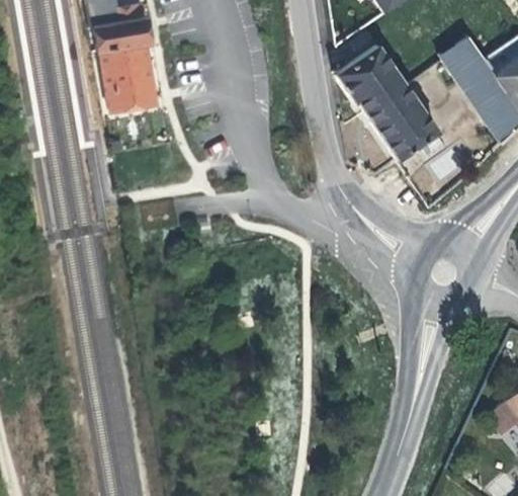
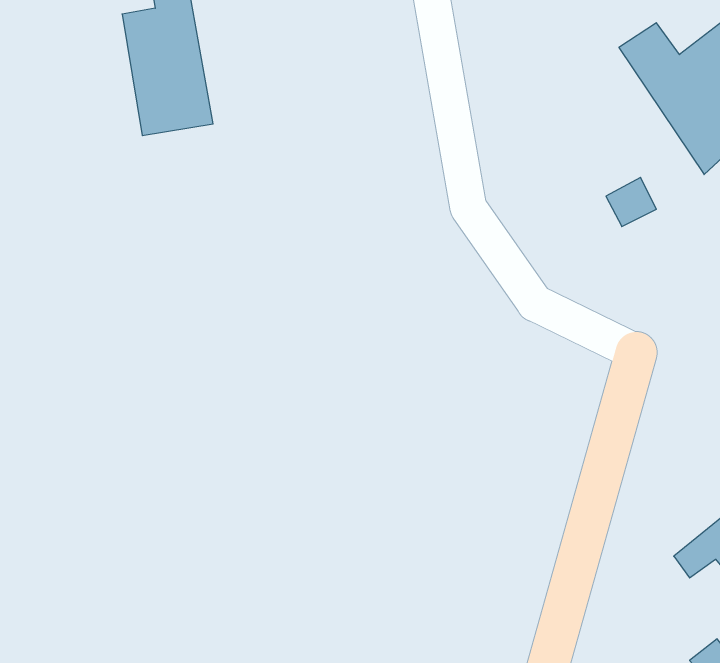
building: [336,44,437,160] -> none

